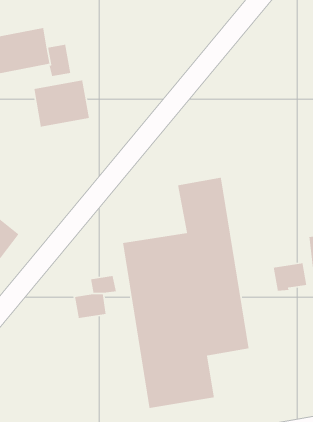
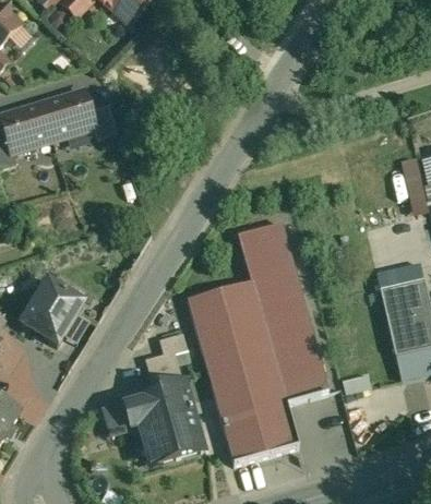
building: [33,79,90,127] -> none
building: [273,262,307,292] -> none
building: none -> [105,391,202,460]

